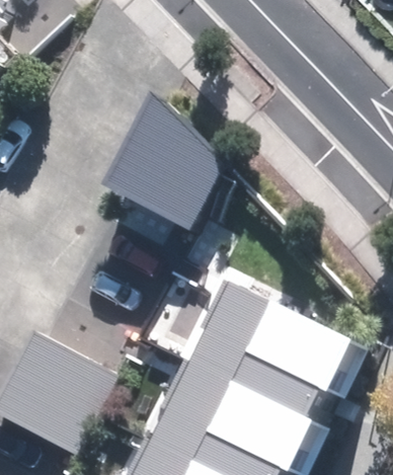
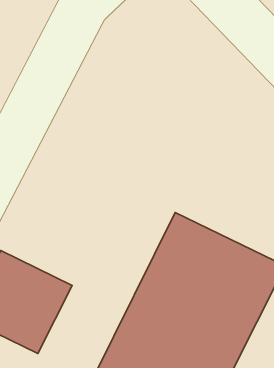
building: [96,87,219,227] -> none

